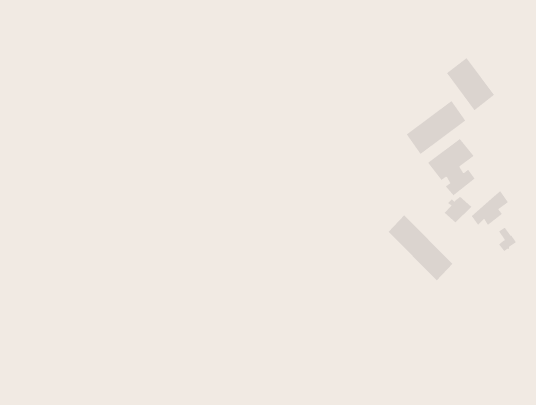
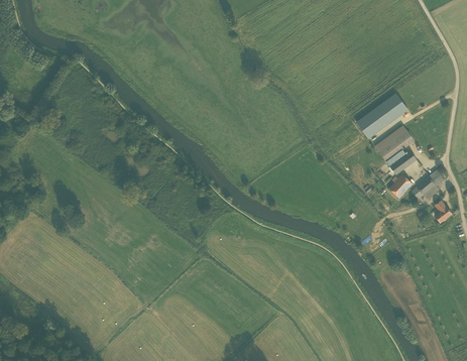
building: [446,57,495,111] -> none
building: [388,215,453,281] -> none

